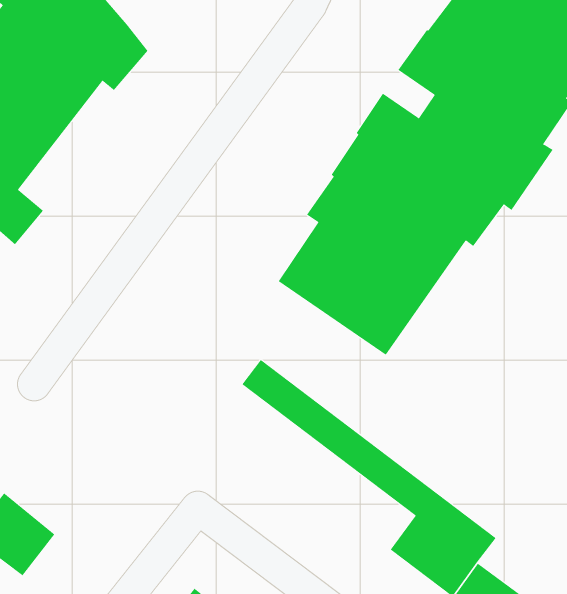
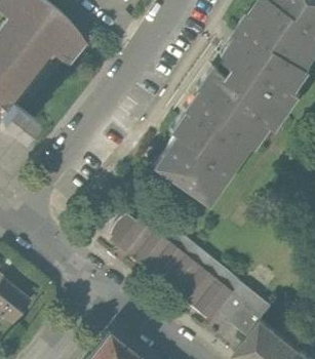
building: none -> [113,223,227,320]

